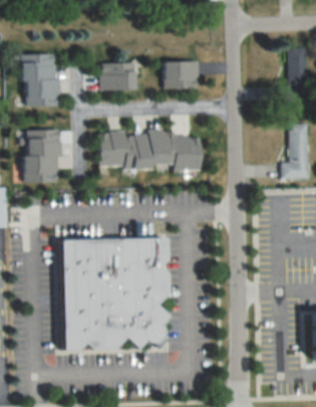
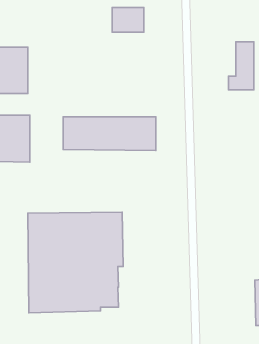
building: [164,61,199,88] -> [112,8,144,32]
building: [100,63,134,90] -> none
building: [283,125,310,180] -> none

